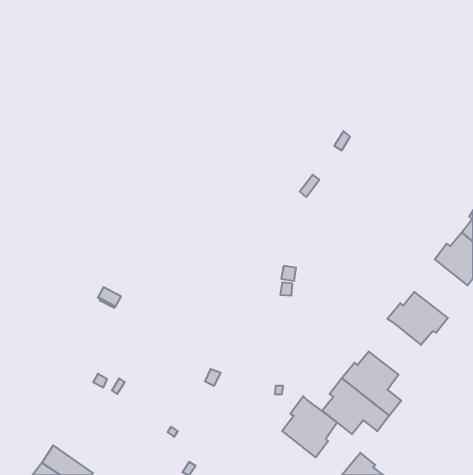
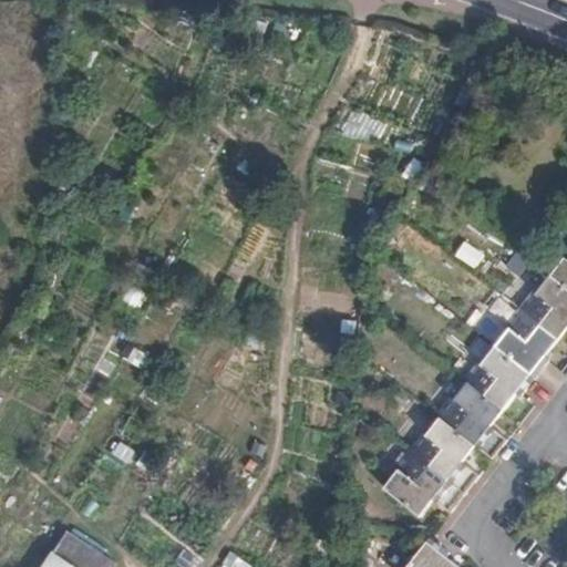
building: none -> [493,309,556,379]
building: none -> [434,383,505,460]
building: [282,396,337,457] -> none

